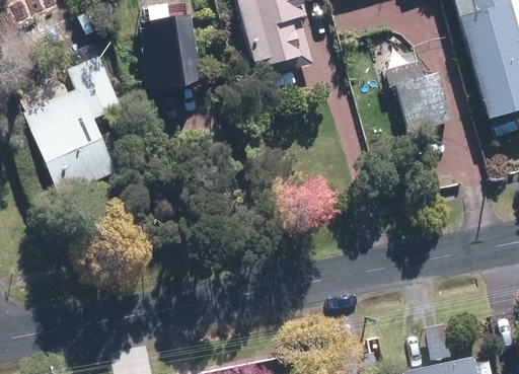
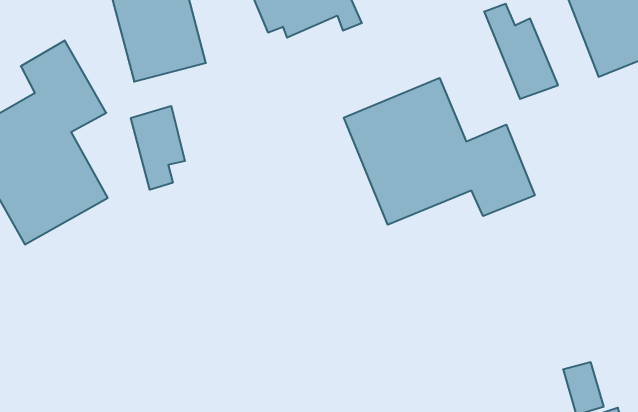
building: none -> [344,78,535,225]
building: none -> [131,106,185,190]

